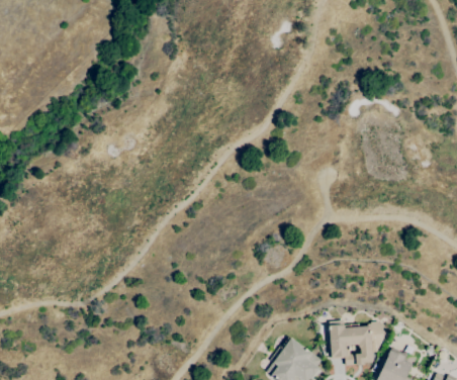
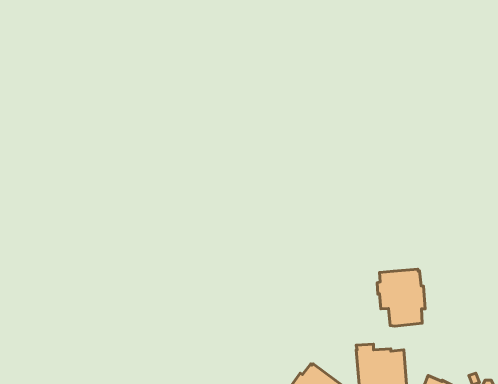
building: none -> [377,269,425,326]

